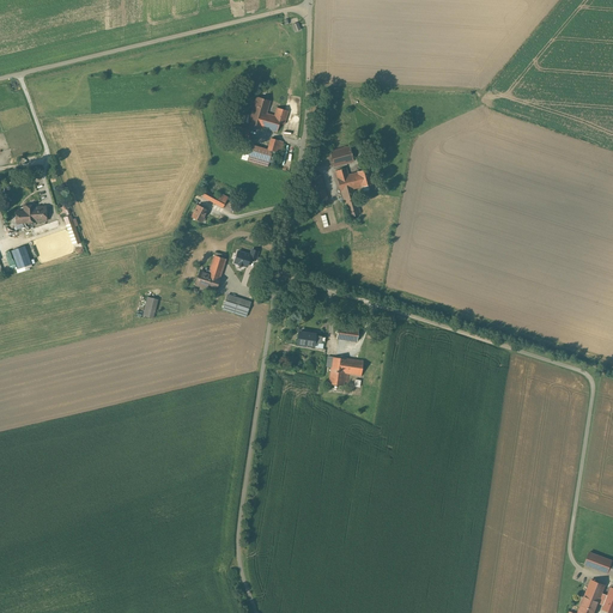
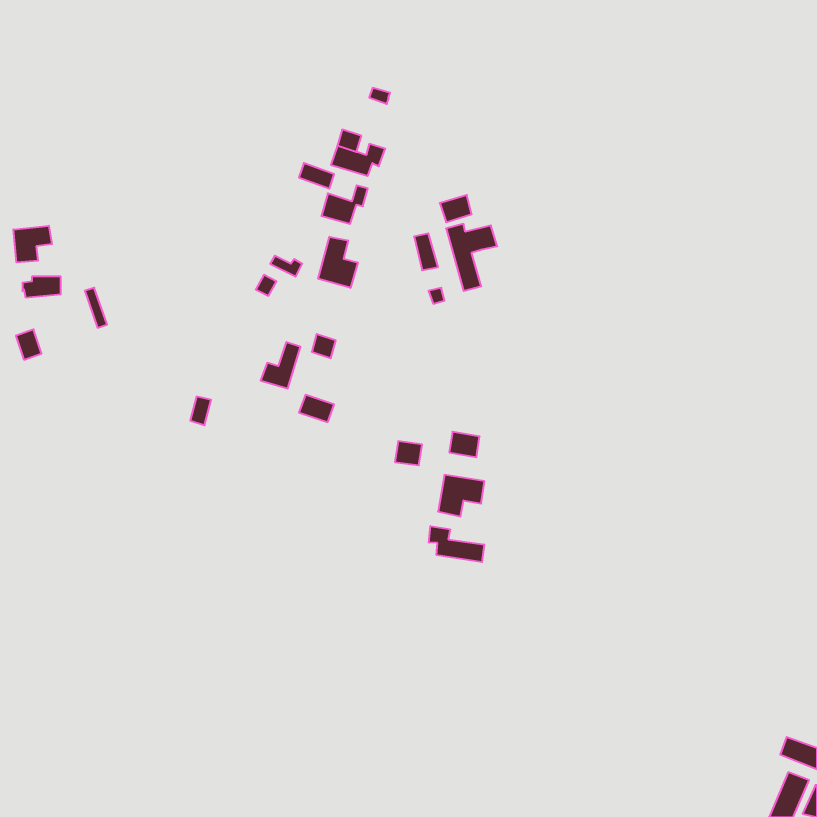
building: none -> [13,226,52,262]
building: none -> [318,237,358,288]
building: none -> [429,526,484,562]

